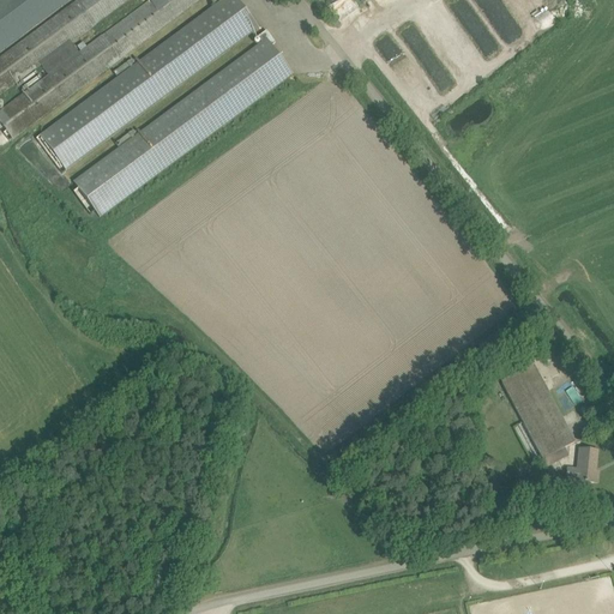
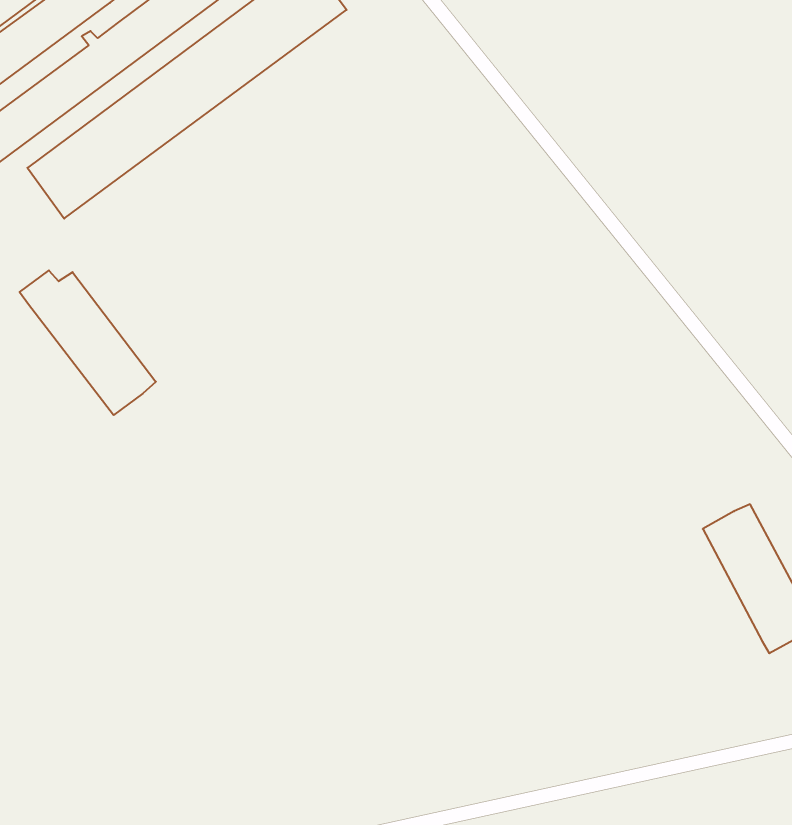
building: [72,28,291,215] -> none
building: none -> [20,270,156,415]

